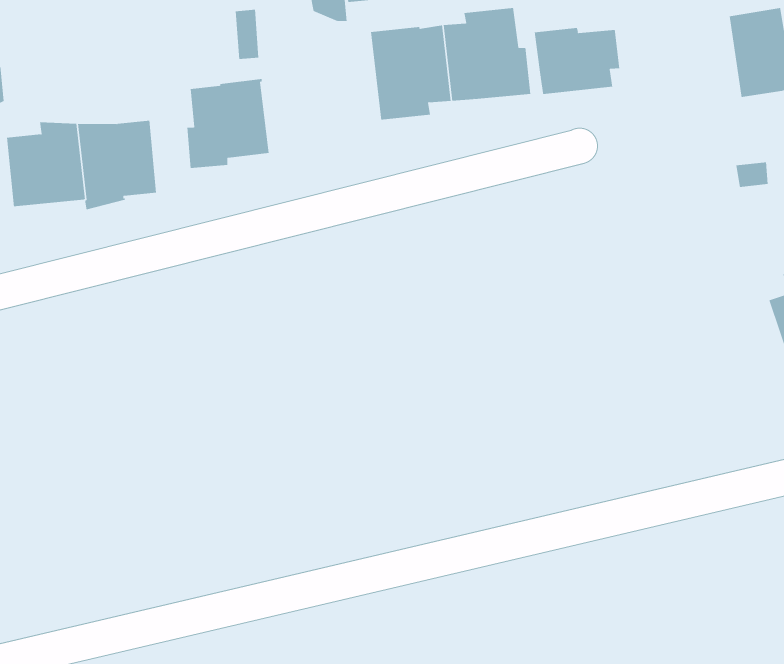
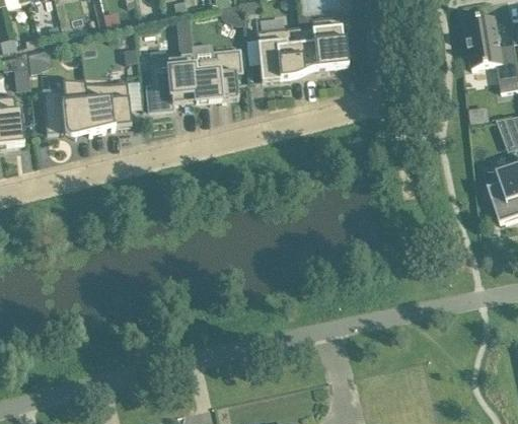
building: [534,27,620,95] -> none
building: none -> [192,50,240,100]

